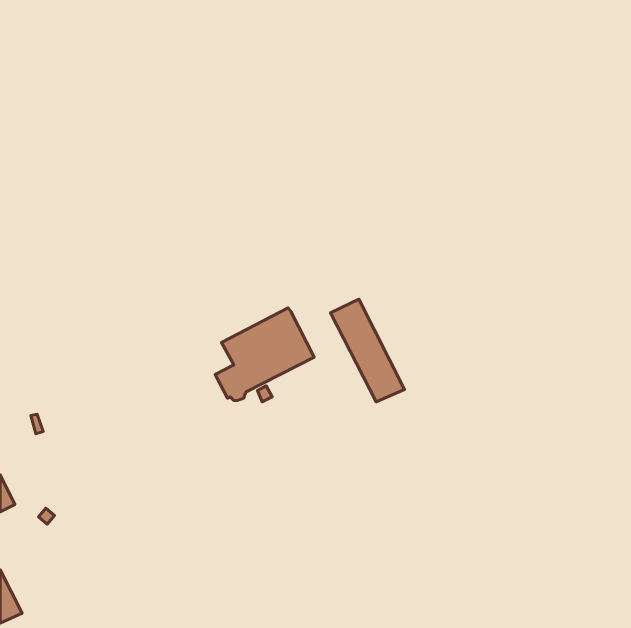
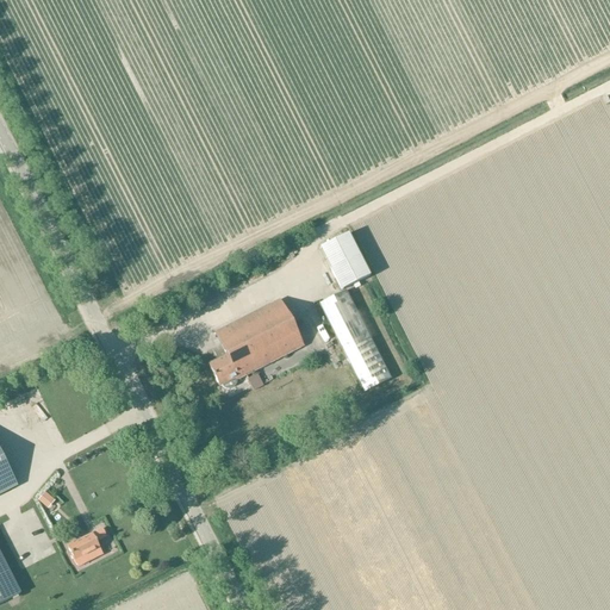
building: none -> [322,231,372,288]
building: none -> [68,527,106,566]

